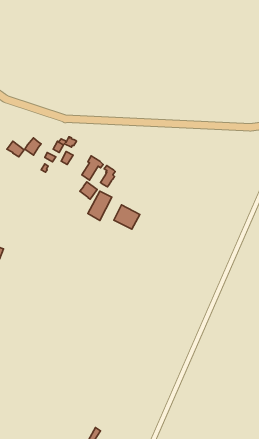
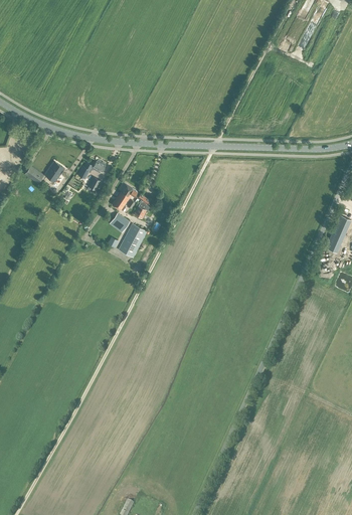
building: [114,205,140,229] -> none

